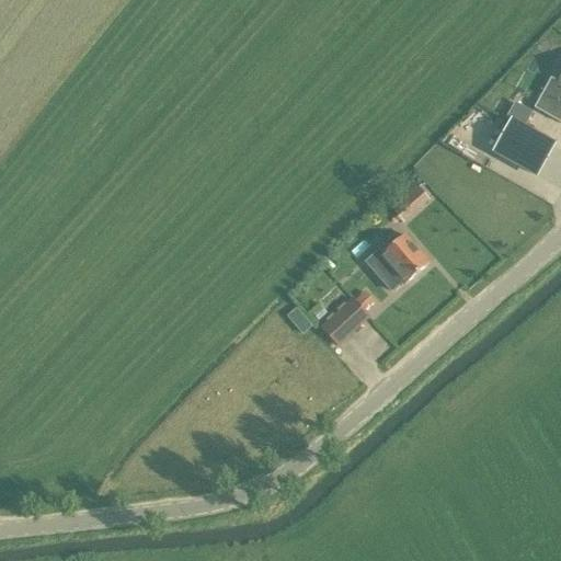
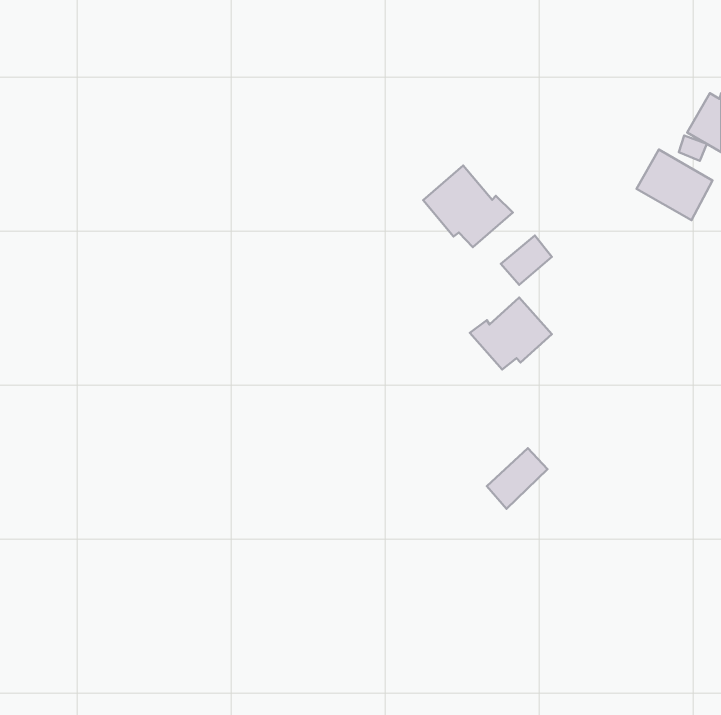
building: none -> [423,166,513,247]
building: [321,296,368,343] -> [487,448,548,509]

